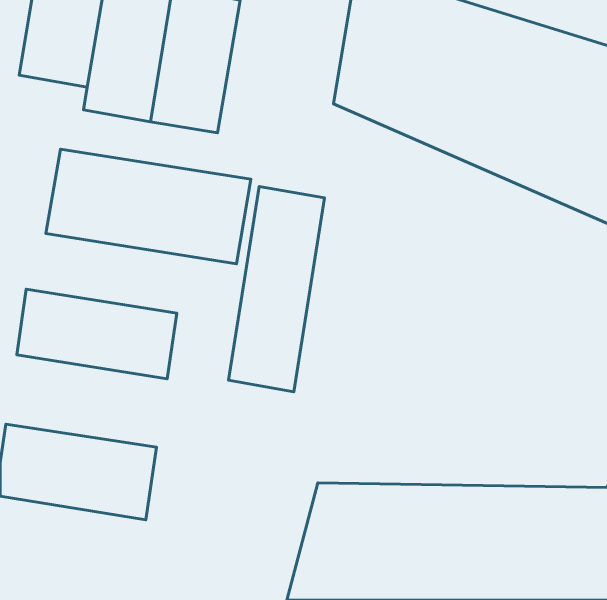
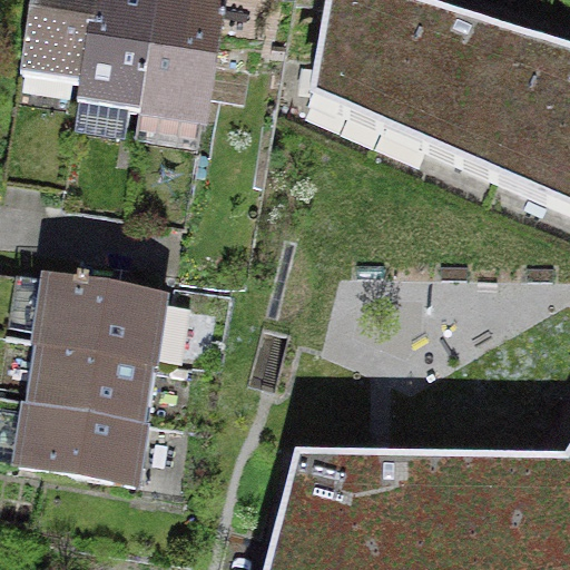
building: [46,149,251,264] -> none
building: [229,186,325,392] -> none
building: none -> [9,331,159,416]

